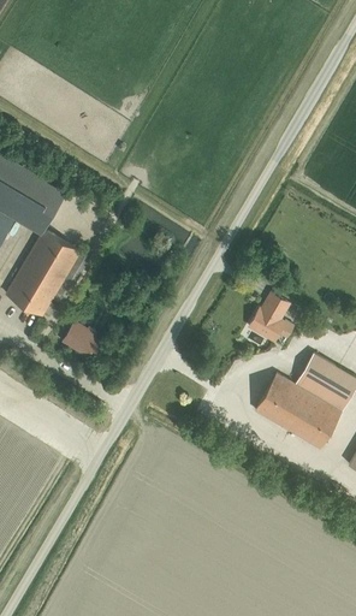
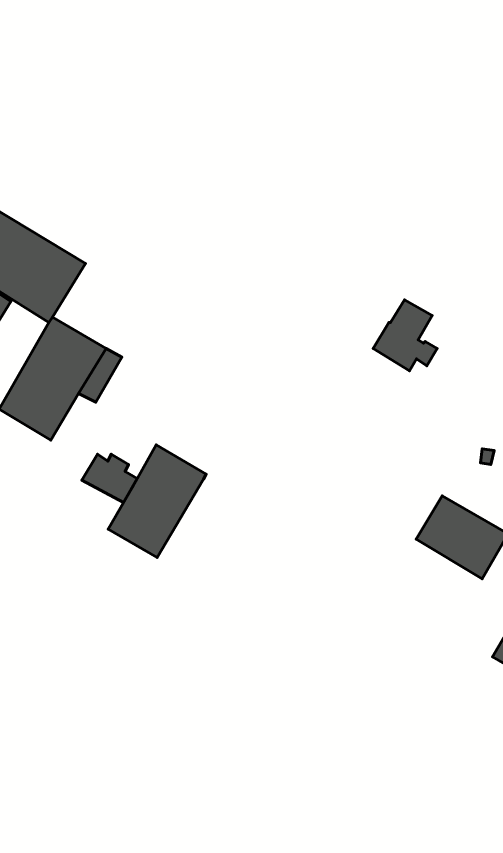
building: [248,292,292,342] -> [373,300,437,371]
building: none -> [108,445,206,557]
building: [254,373,340,449] -> none

